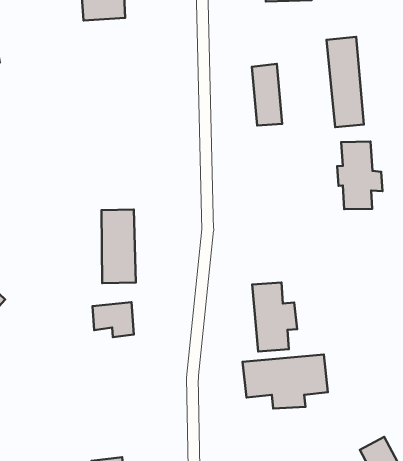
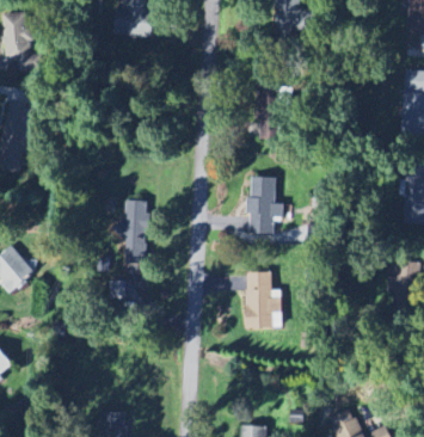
building: [326,37,364,127] -> none
building: [337,142,382,209] -> [245,176,282,234]
building: [243,355,328,409] -> none

